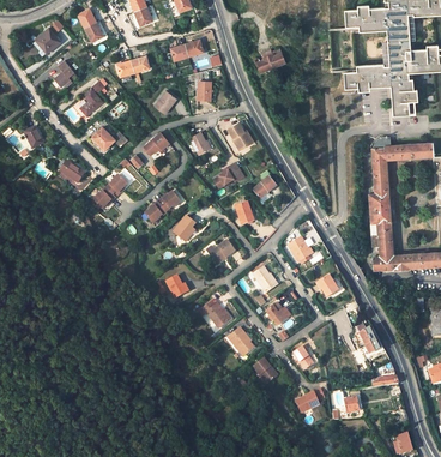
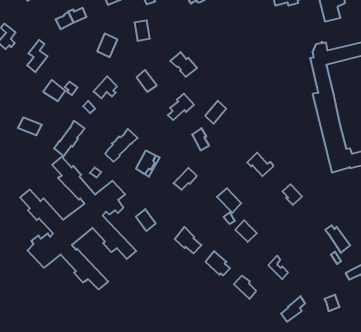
building: none -> [20,157,136,289]

